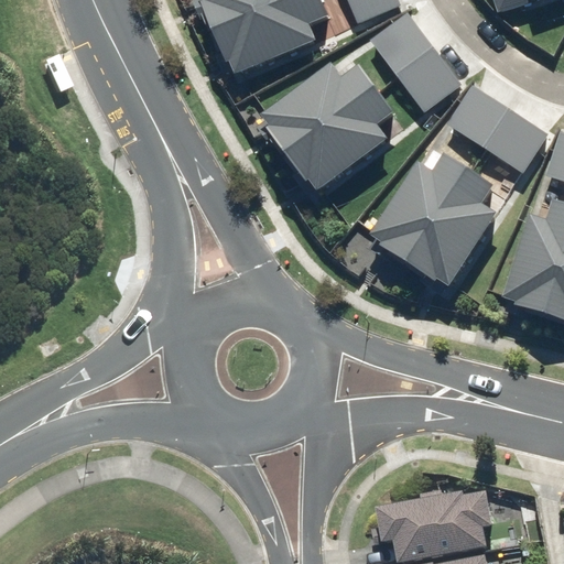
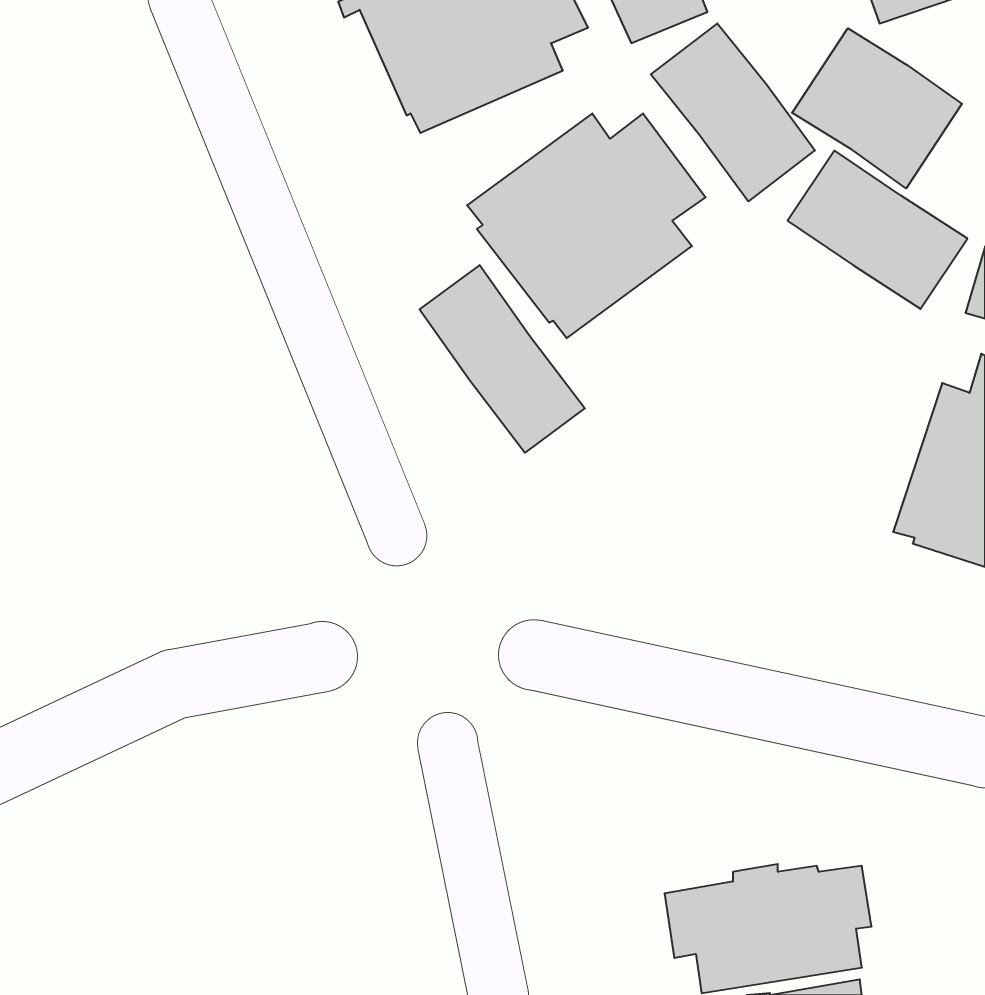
building: none -> [792,28,962,188]
building: none -> [420,265,585,453]
building: [371,154,499,288] -> none

